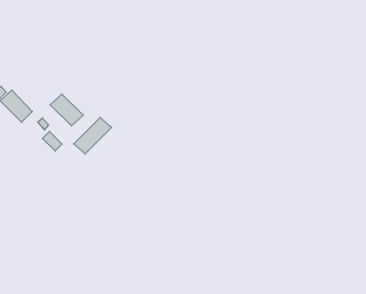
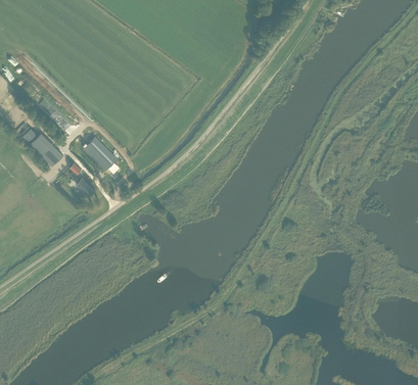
building: [74,117,112,154] -> none

